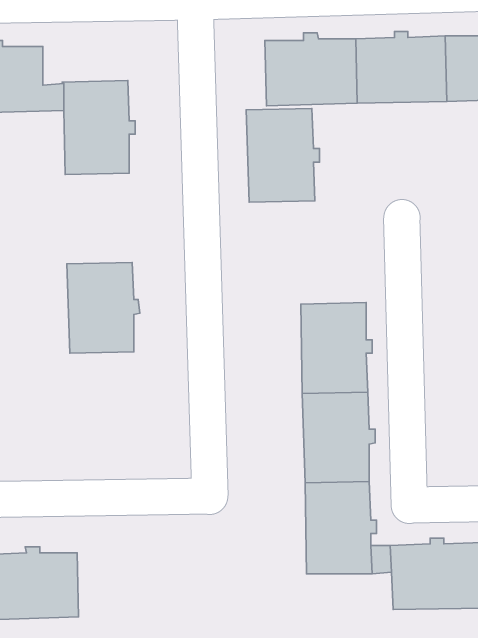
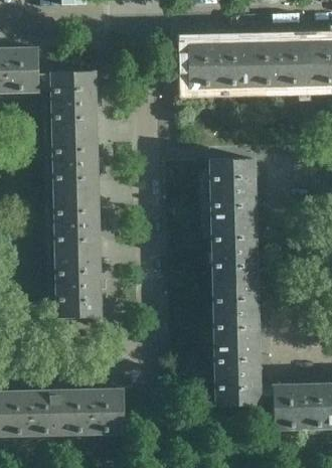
building: [246,108,319,202] -> [208,159,258,222]
building: none -> [51,134,100,195]
building: none -> [54,255,103,317]
building: none -> [59,385,123,434]

